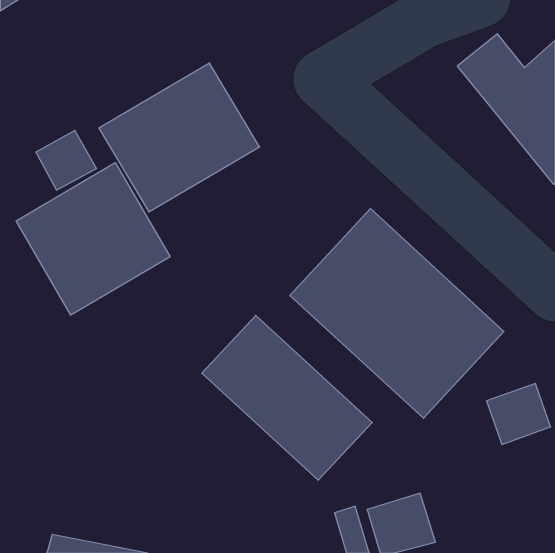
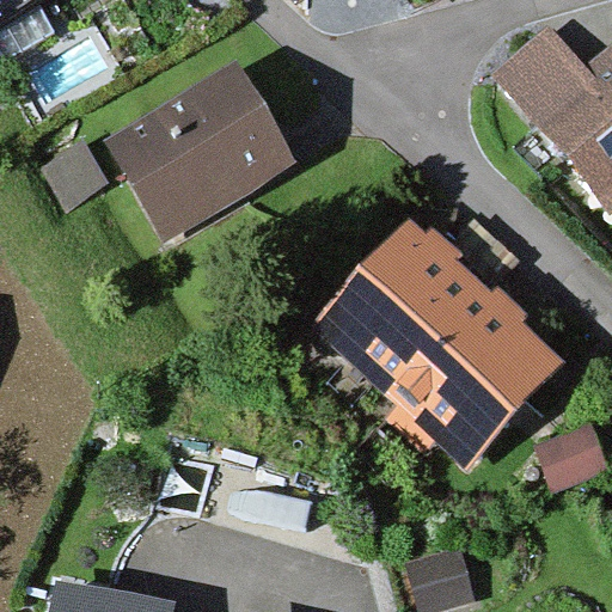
building: [16,163,170,315] -> none
building: [202,315,372,480] -> none

